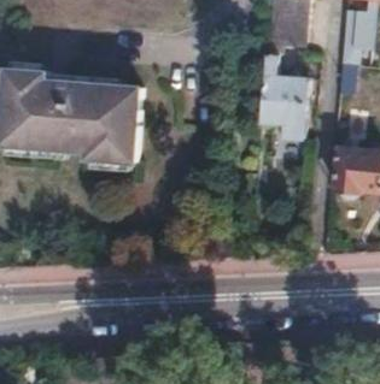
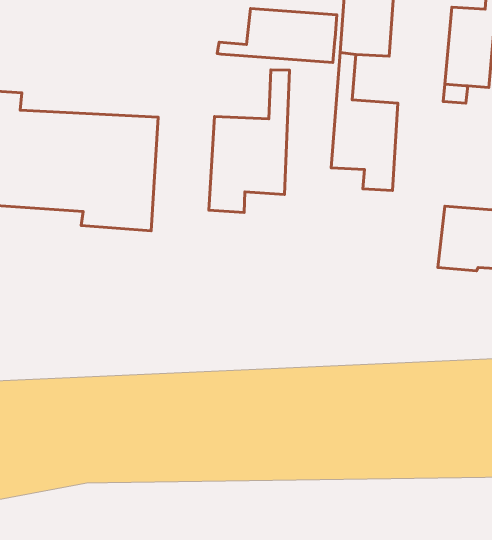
building: none -> [217,9,337,62]
building: none -> [209,70,290,212]

